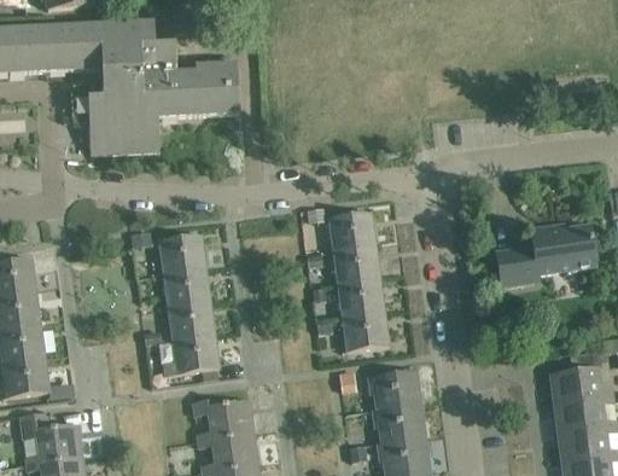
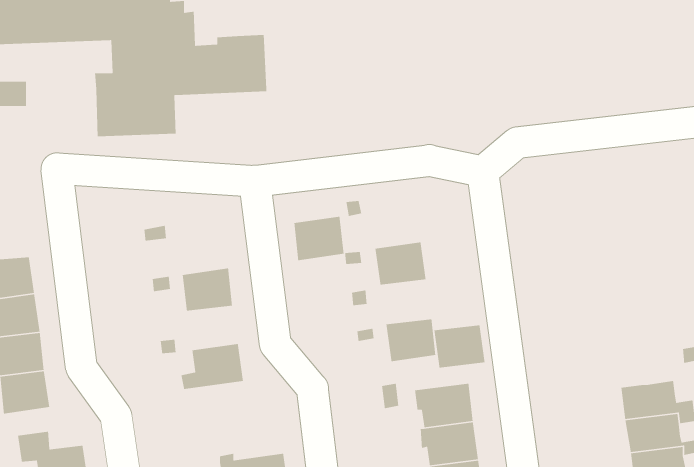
building: [330,210,374,250] -> [293,216,344,261]
building: [496,222,596,285] -> none
building: [159,233,205,273] -> none
building: [338,278,384,317] -> [433,324,486,368]
building: [168,301,214,339] -> none
building: [192,397,253,436] -> none

